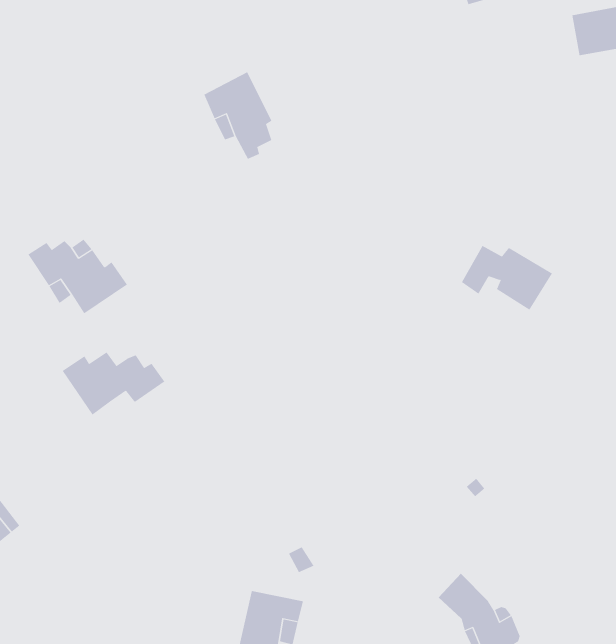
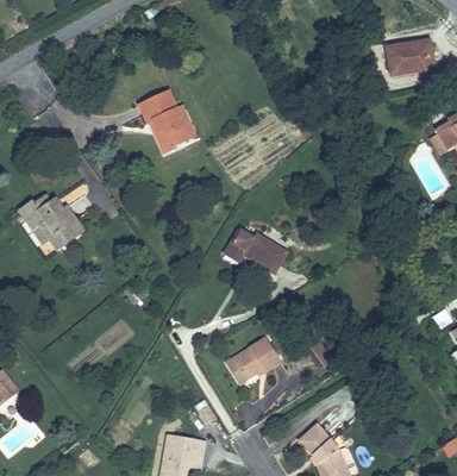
building: [461,245,553,310] -> [224,224,286,268]
building: [62,352,165,415] -> none
building: none -> [233,336,282,378]

